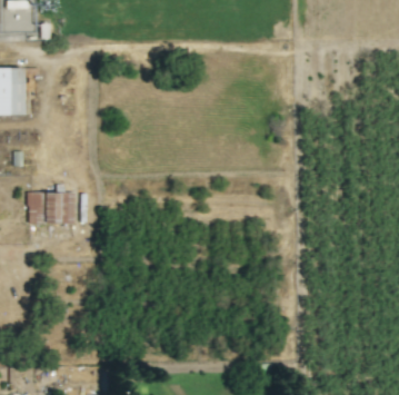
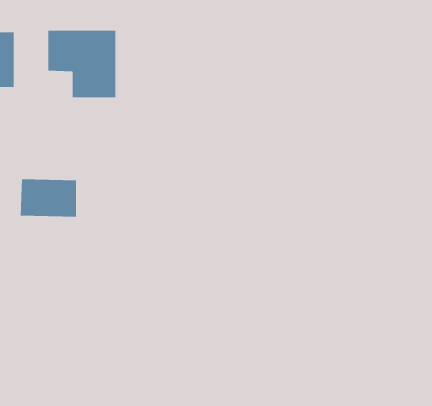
building: none -> [48,30,116,98]

